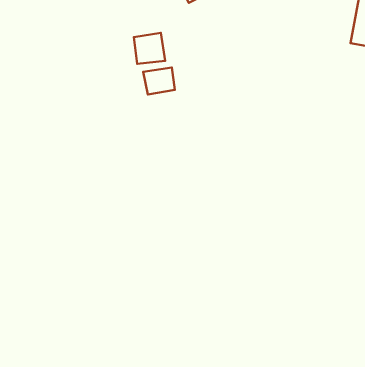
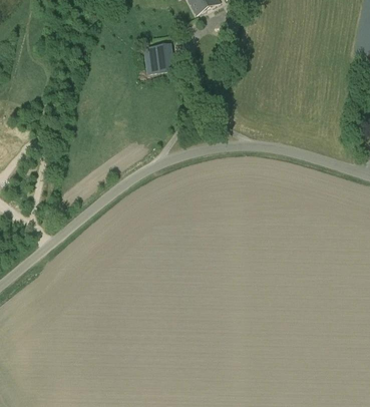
building: [143,68,175,95] -> none

